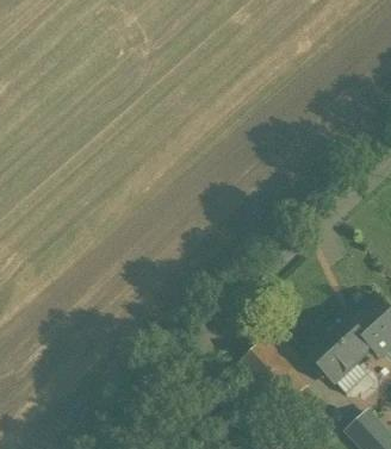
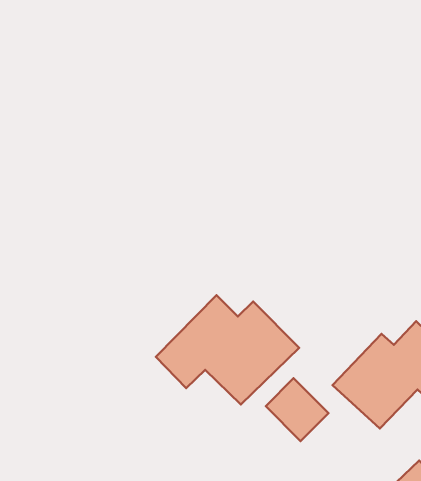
building: none -> [156,295,299,405]

